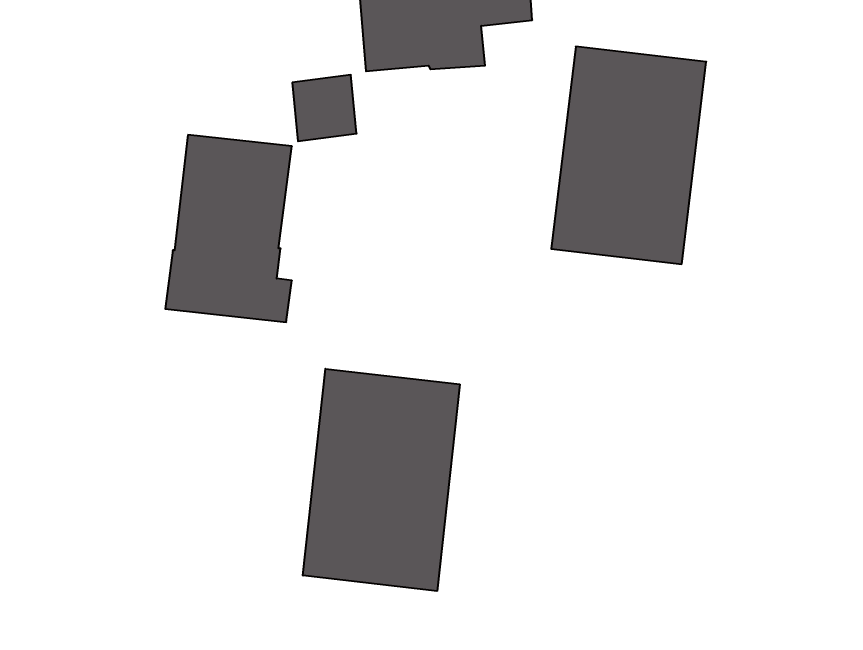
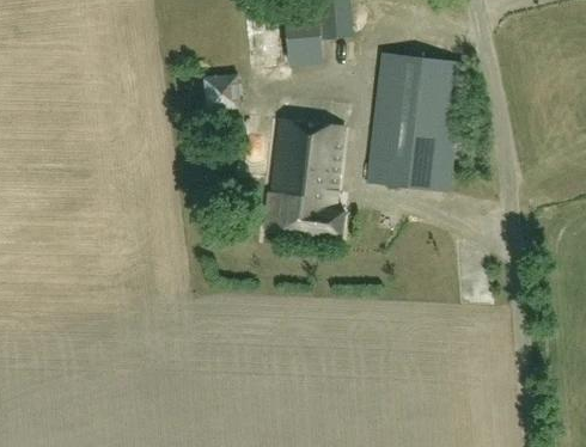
building: [165,135,292,322] -> [265,118,346,237]
building: [303,369,460,591] -> none

